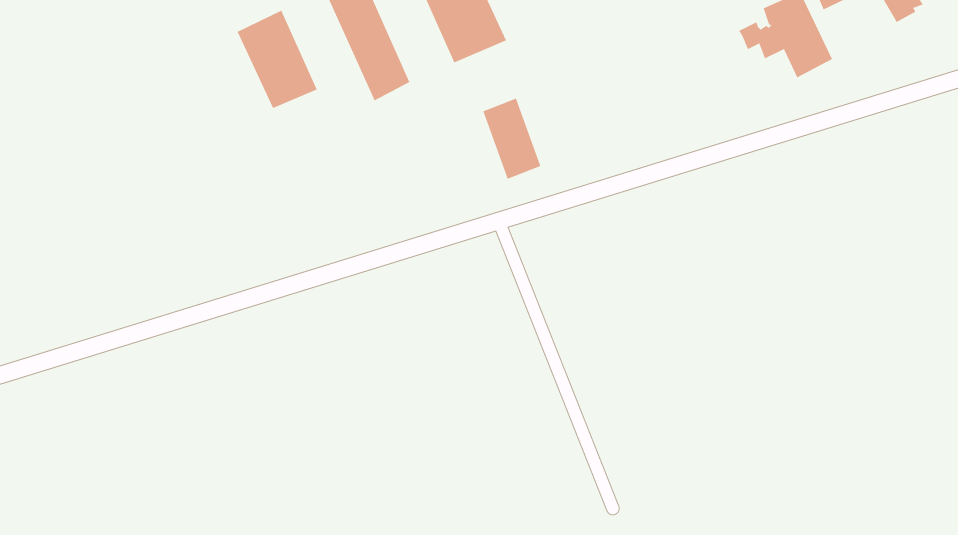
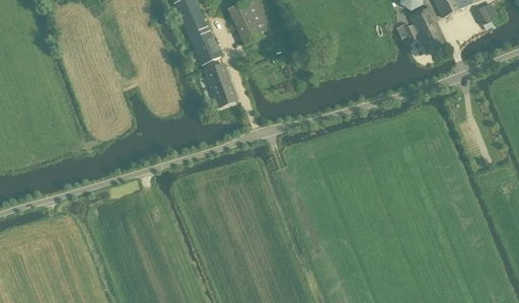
building: [237,10,318,109] -> none
building: [483,98,541,179] -> [205,63,236,106]

